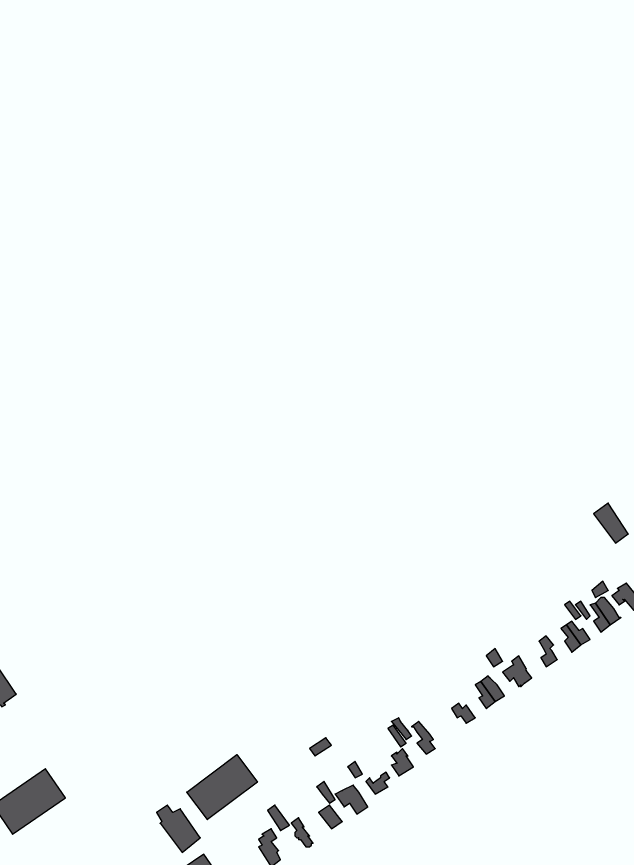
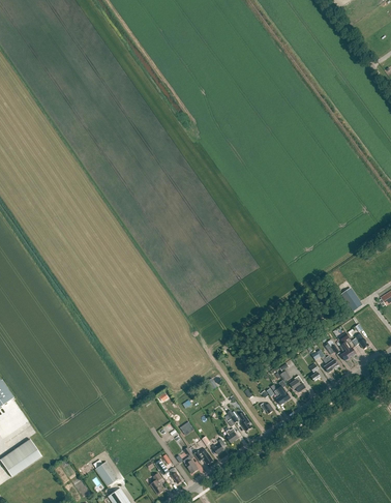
building: [187,755,257,820] -> none

